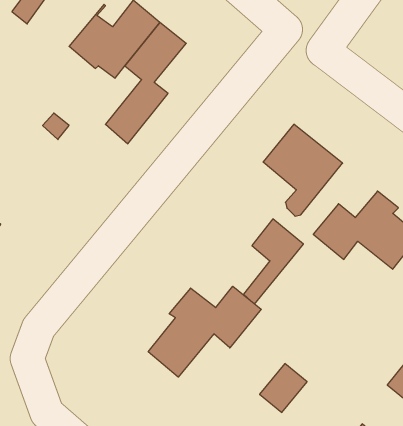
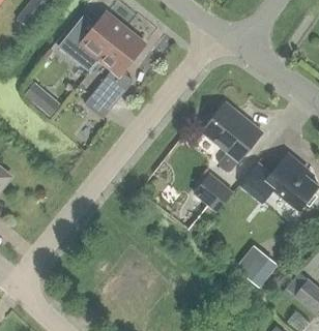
building: [148,286,261,377] -> none
building: [260,364,307,412] -> [243,250,279,287]

